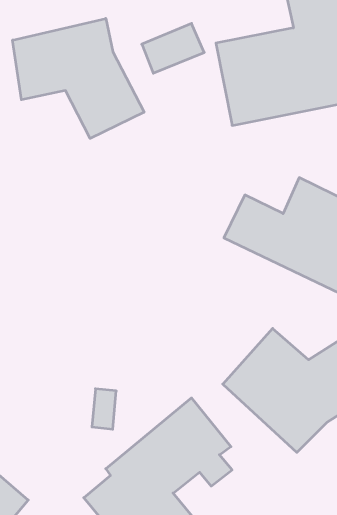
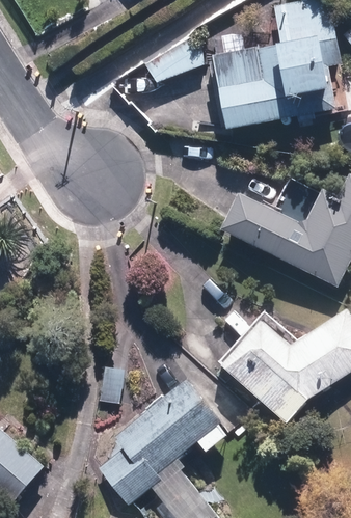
building: [13,18,144,138] -> none

